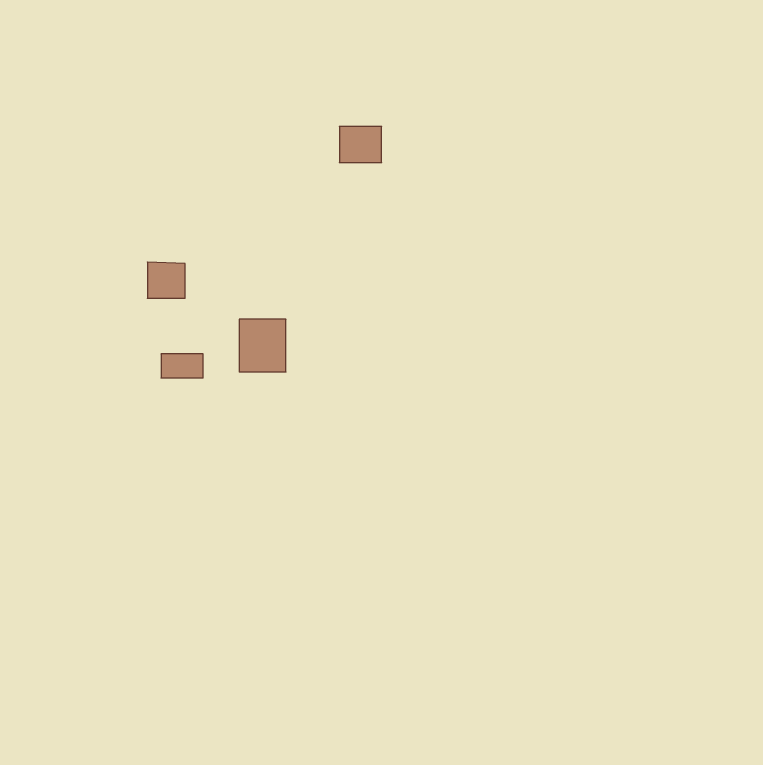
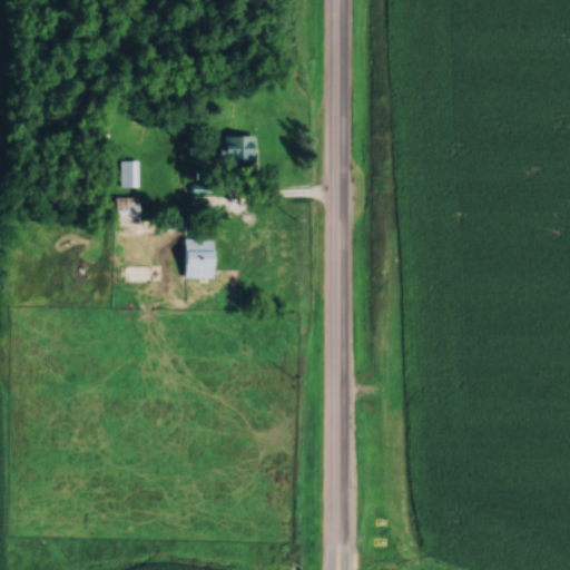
building: [339,126,382,163] -> [224,136,255,163]
building: none -> [122,161,141,189]

